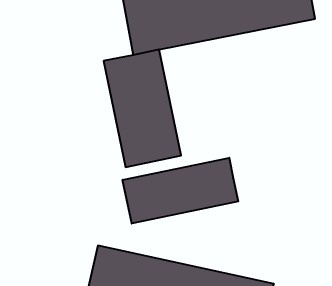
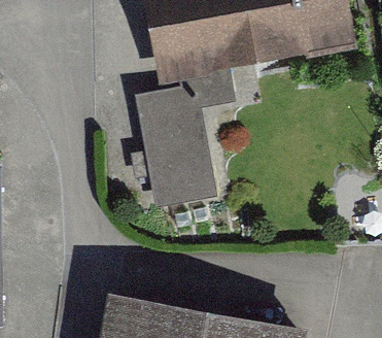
building: [123,158,238,224] -> none

